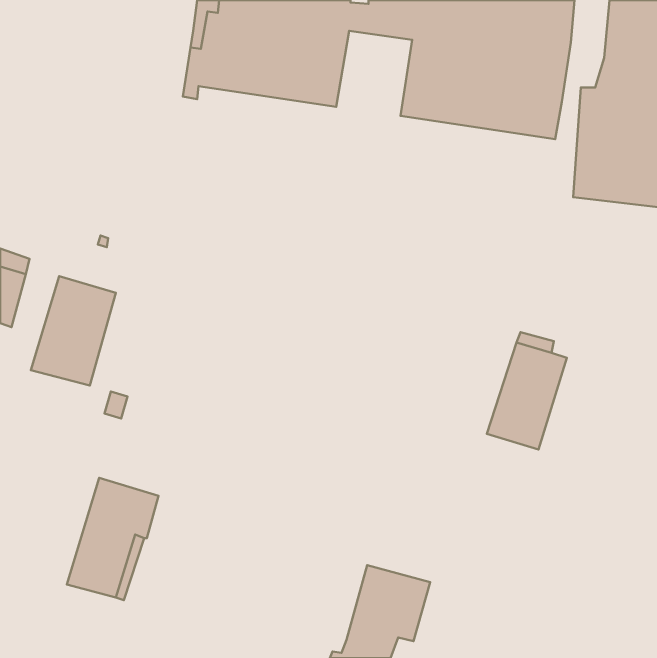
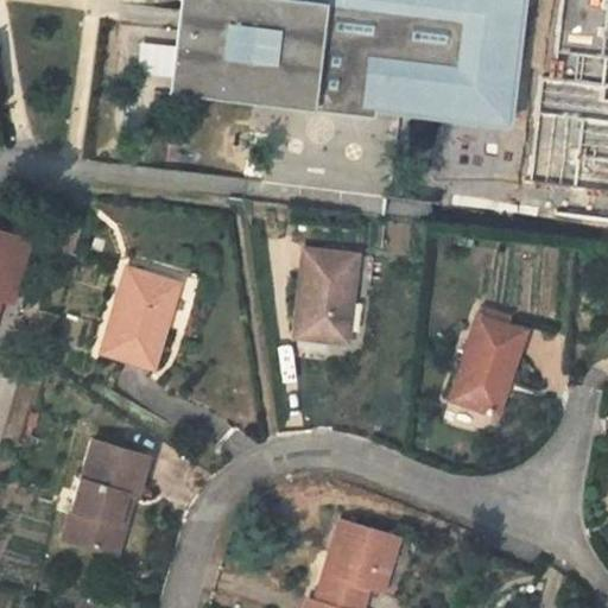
building: none -> [183,28,381,118]
building: none -> [296,251,357,342]
building: [31,276,116,386] -> [101,267,179,368]

